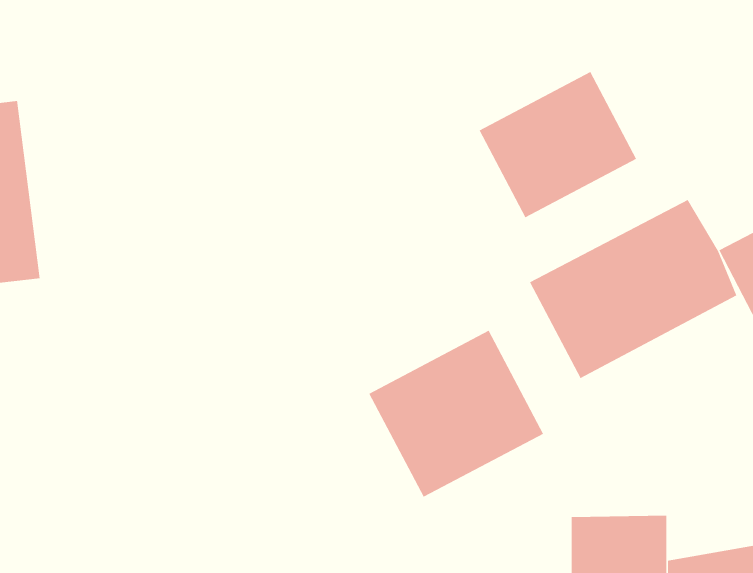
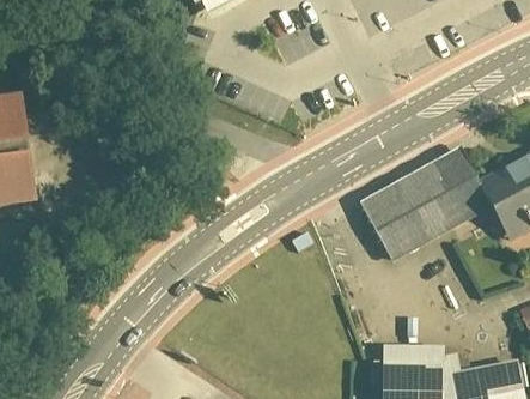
building: [479,71,637,218] -> none
building: [368,330,544,498] -> none

